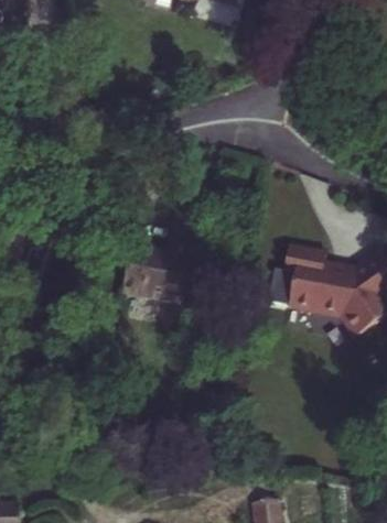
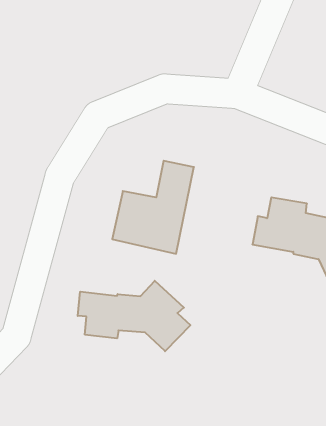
building: none -> [78,281,190,351]

